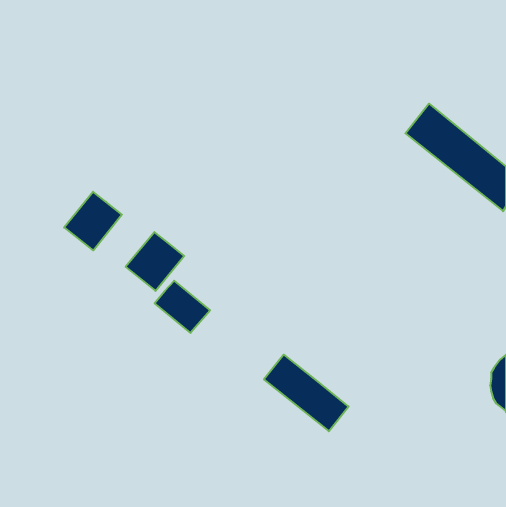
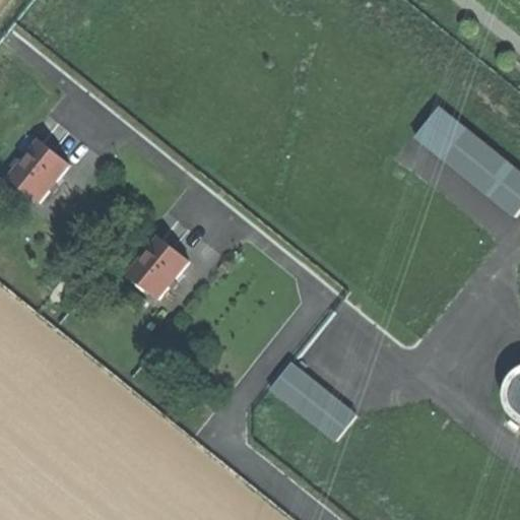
building: [64,192,122,250] -> [8,140,67,200]
building: [155,281,210,333] -> none

